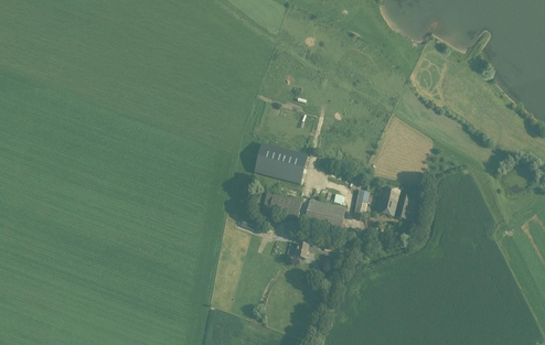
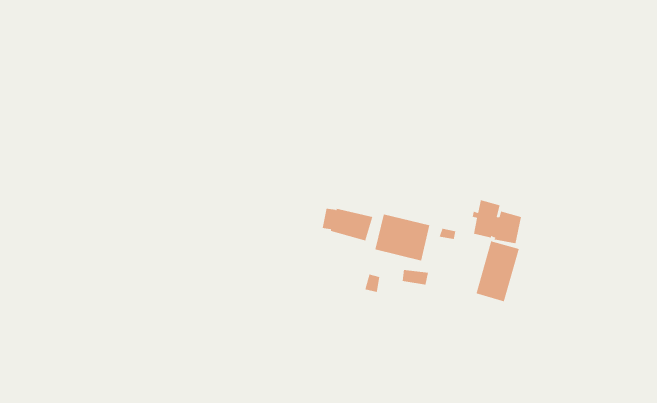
building: [254,144,307,183] -> none
building: none -> [476,240,520,302]

